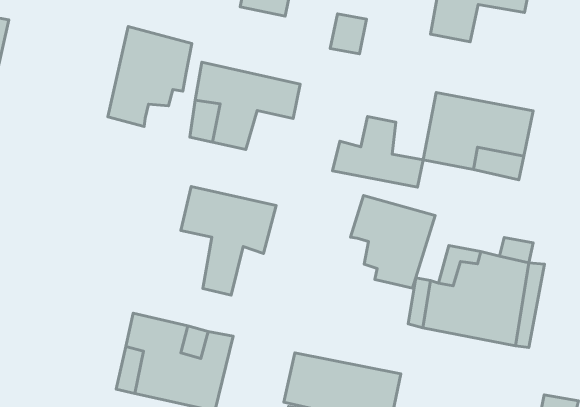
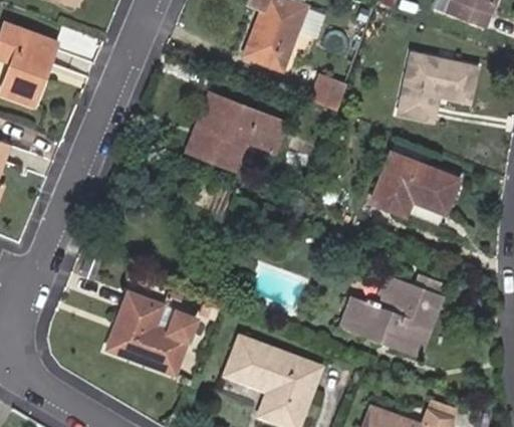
building: [108,26,192,126] -> none
building: [332,116,423,187] -> none
building: [181,187,276,295] -> none
building: [350,196,435,288] -> none

